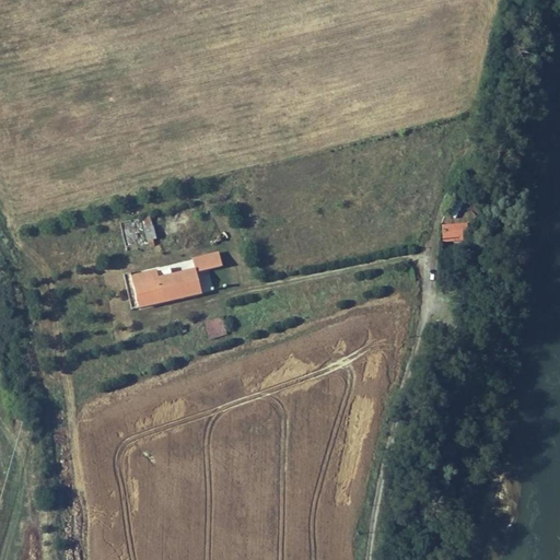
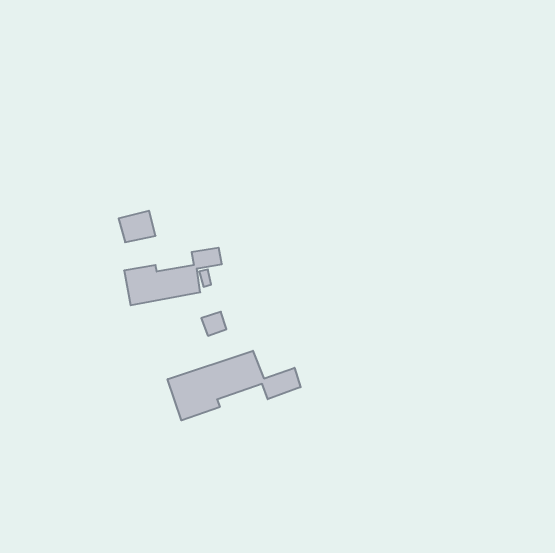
building: [443,222,469,240] -> none
building: none -> [168,351,301,420]

